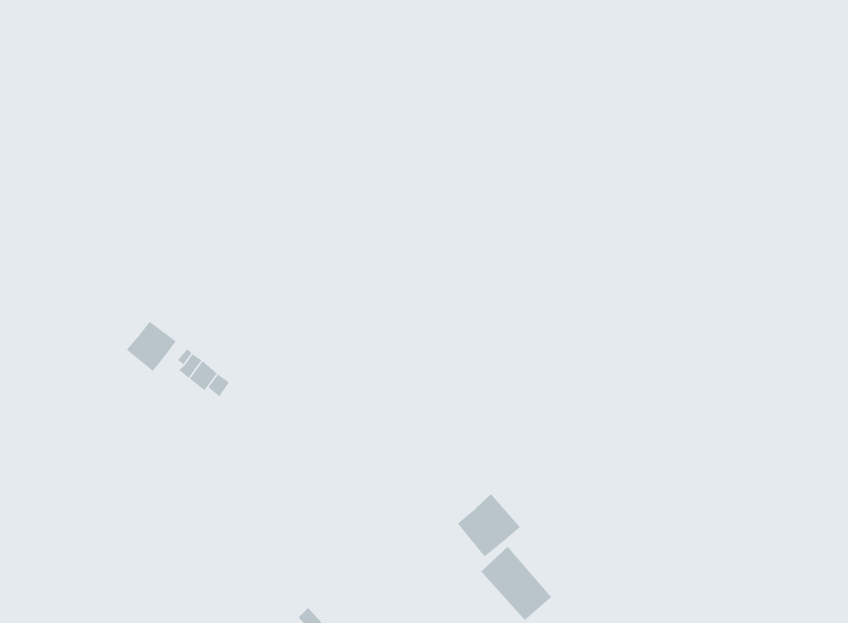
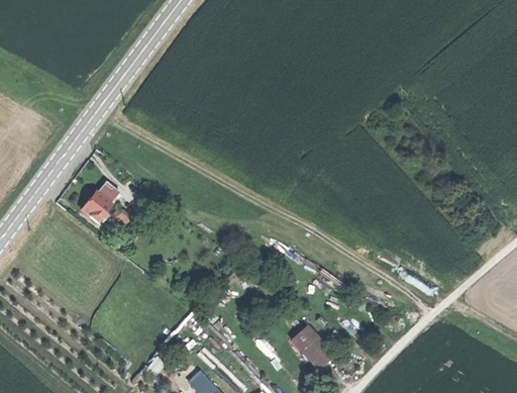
building: [457,493,521,557] -> none

